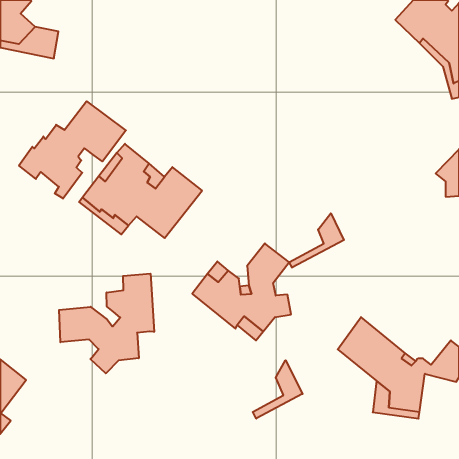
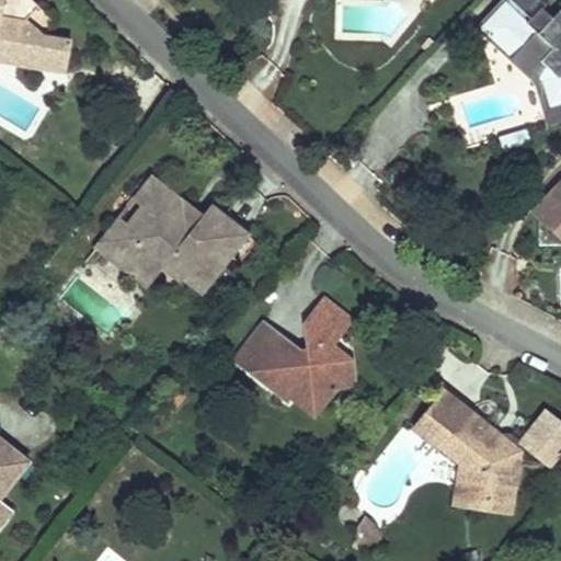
building: [19,101,126,199] -> none
building: [289,213,344,268] -> none
building: [59,274,154,373] -> none
building: [253,360,303,419] -> none

